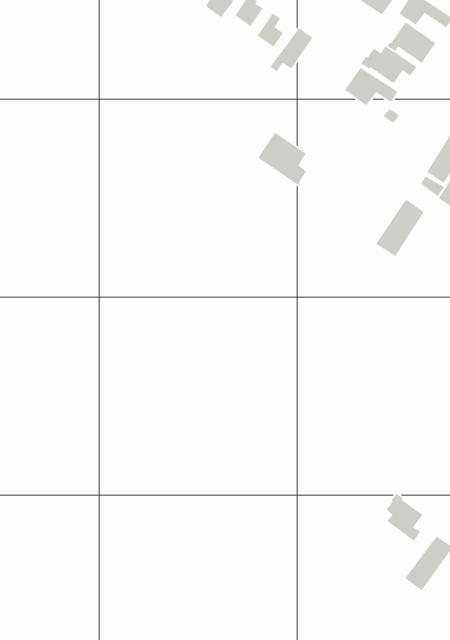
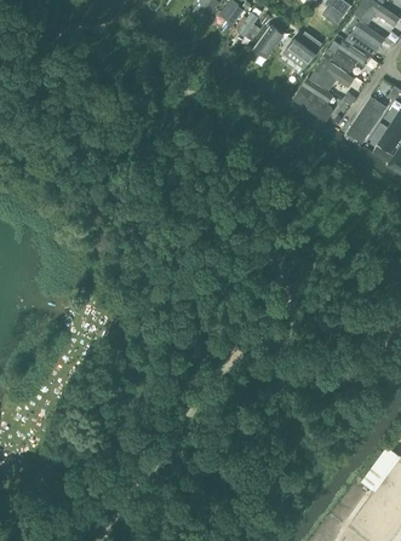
building: none -> [281,36,316,69]
building: [257,131,307,186] -> [292,76,333,121]
building: [375,199,425,257] -> [345,96,386,144]
building: [386,492,423,542] -> none

